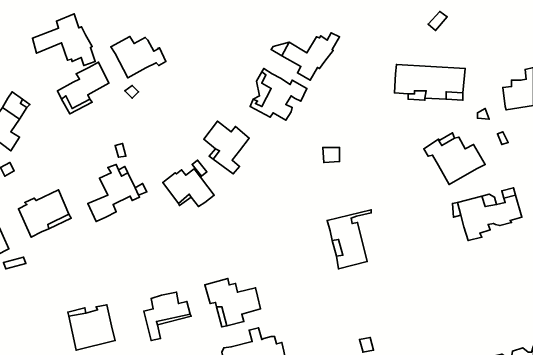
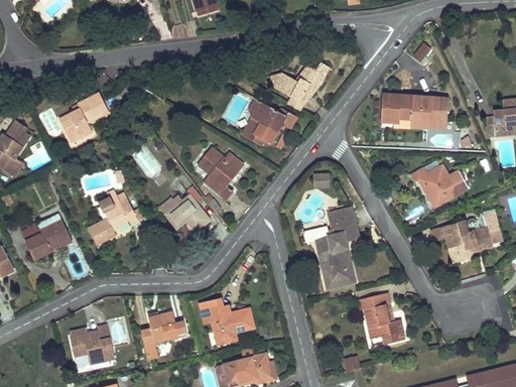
building: [32,14,95,65] -> none
building: [111,36,166,78] -> none
building: none -> [303,206,359,243]
building: none -> [359,291,404,343]

